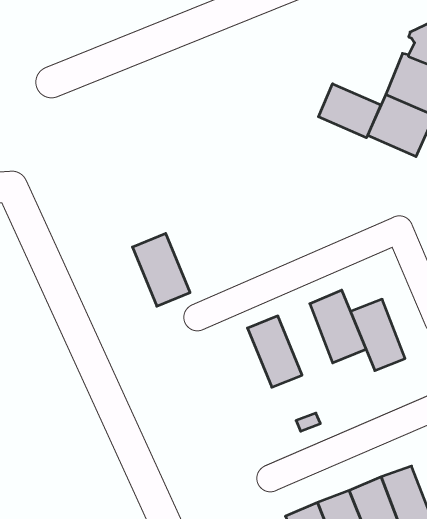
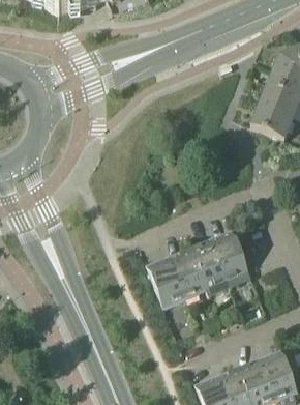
building: [318,84,381,138] -> none
building: [132,233,190,306] -> [147,255,186,305]
building: [350,299,405,371] -> [190,238,228,287]

